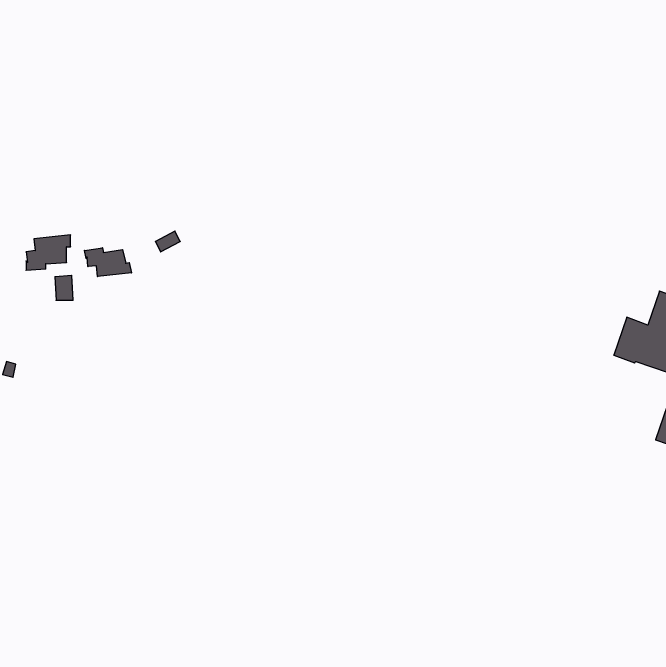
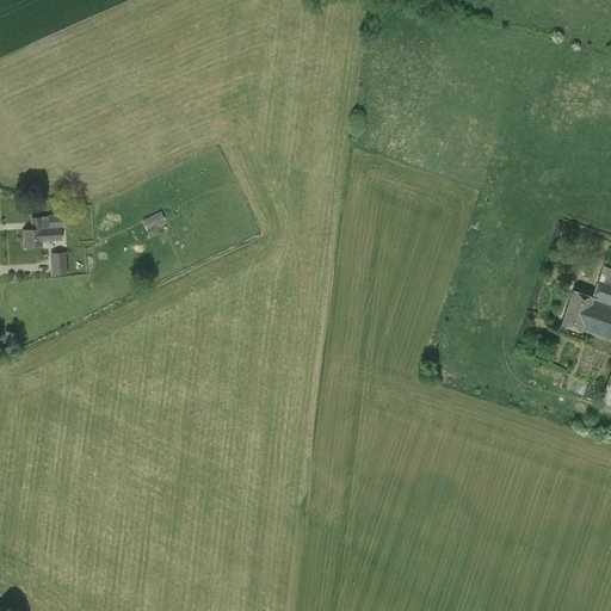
building: [84,248,131,277] -> none

